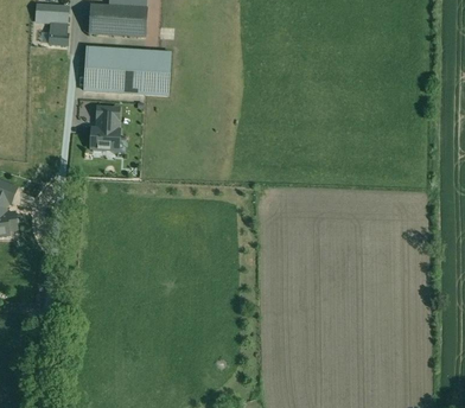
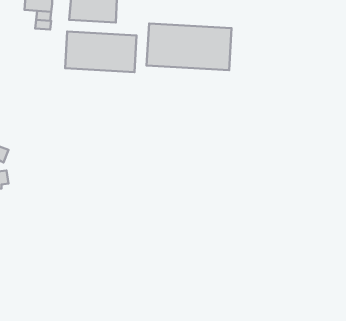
building: none -> [147,23,232,70]
building: [91,104,120,148] -> none

